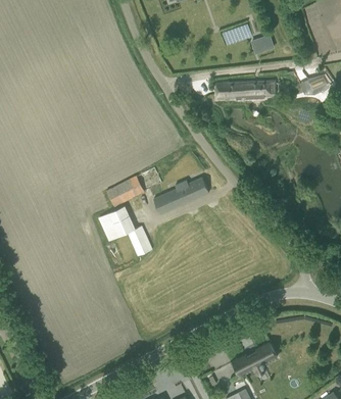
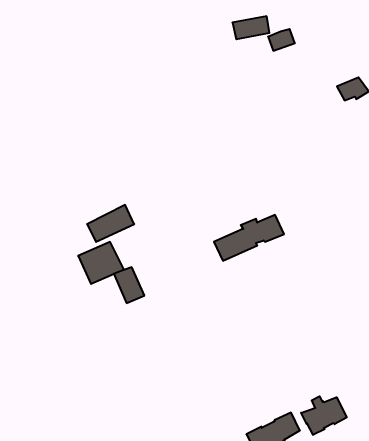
building: [215,81,270,100] -> none
building: [152,178,208,214] -> [214,215,284,261]
building: none -> [301,396,347,435]

